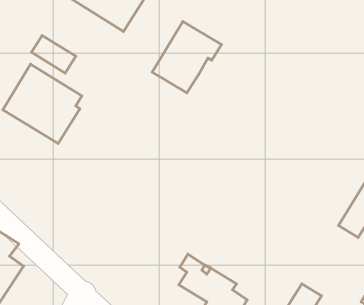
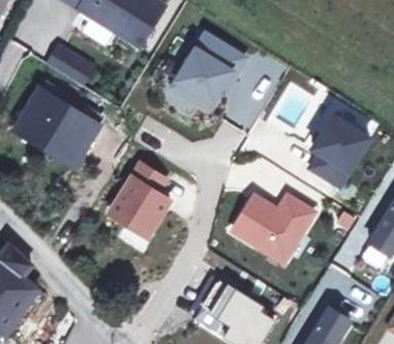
building: none -> [309,114,369,185]
building: none -> [109,163,169,237]
building: none -> [233,197,315,263]

